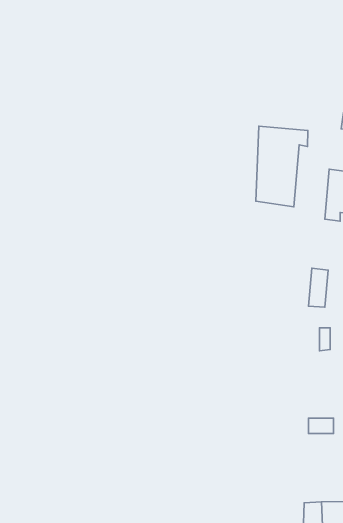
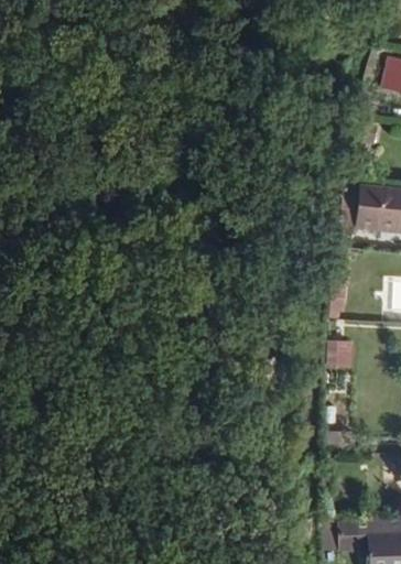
building: [256,126,308,207] -> none

